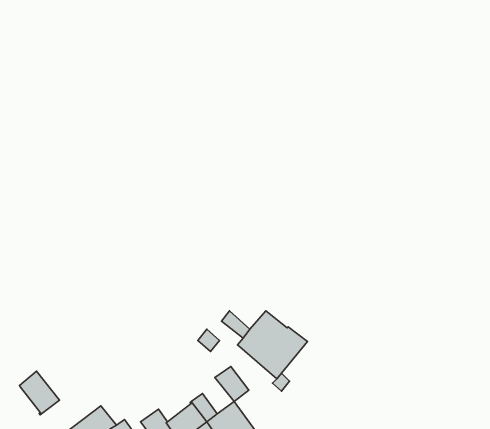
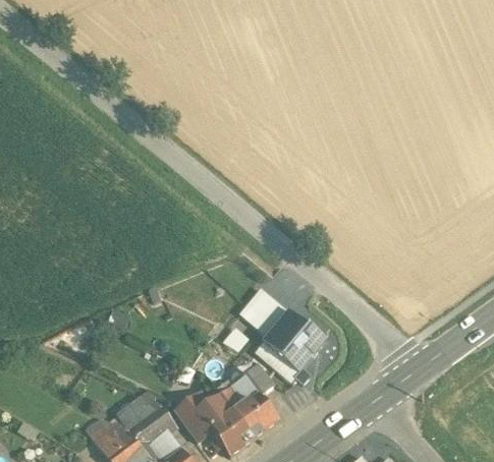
building: none -> [256,294,288,327]
building: [20,371,59,415] -> none

